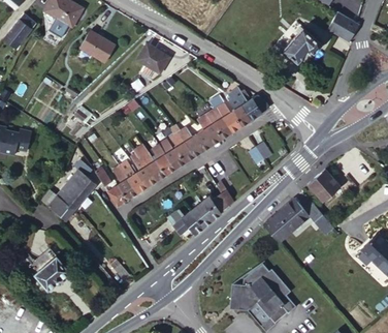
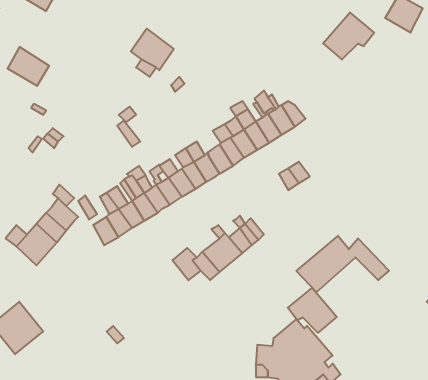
building: [80,31,112,61] -> [7,47,49,86]
building: [306,169,338,201] -> none
building: none -> [288,288,337,333]

